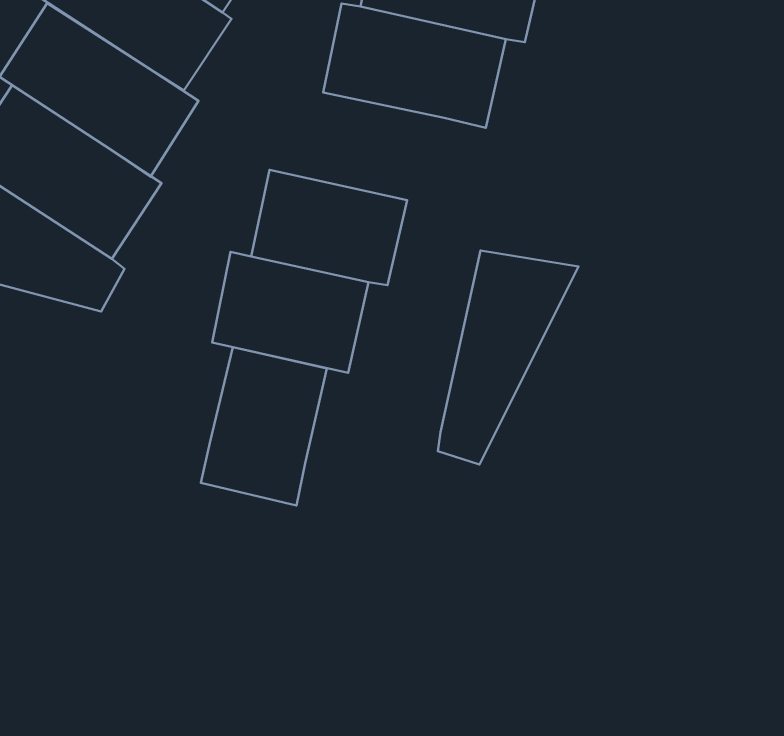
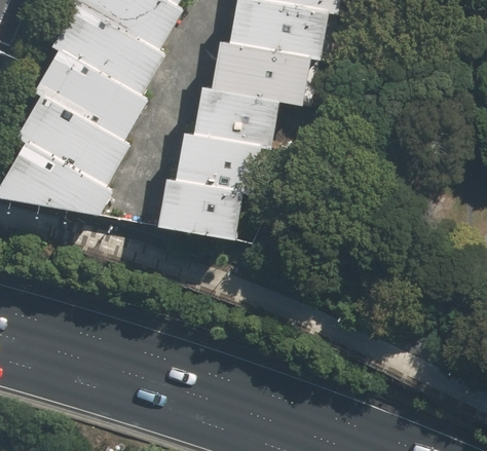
building: none -> [195,87,278,146]
building: [438,250,578,465] -> none
building: [201,347,327,505] -> none

